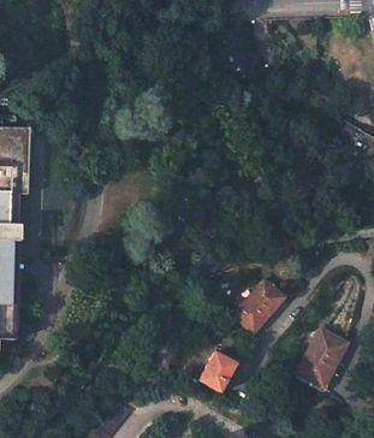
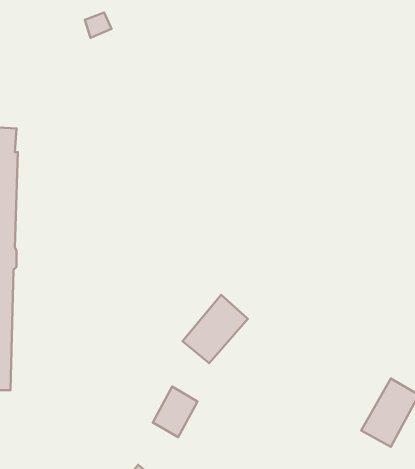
building: [236,277,289,332] -> [182,295,248,363]
building: [202,350,238,391] -> [153,387,198,437]

